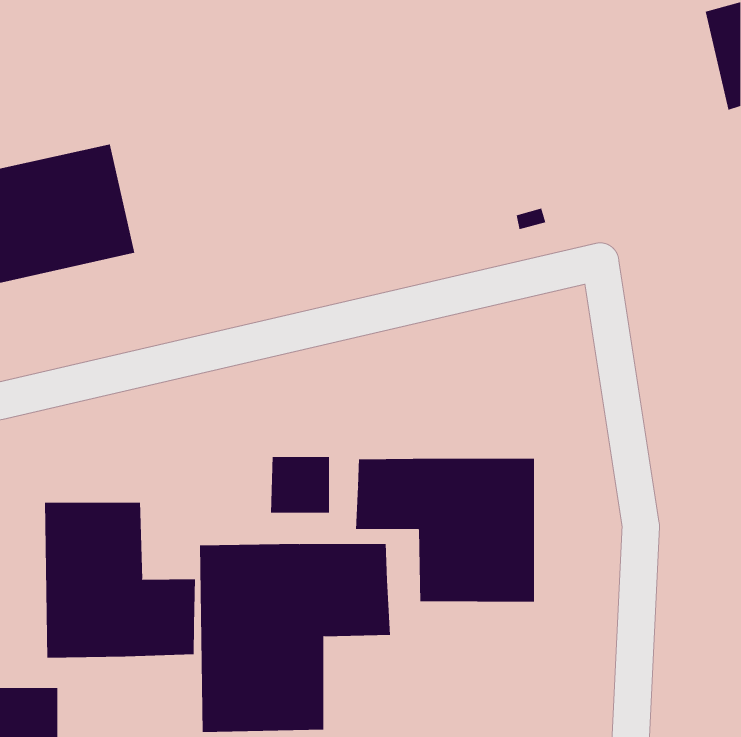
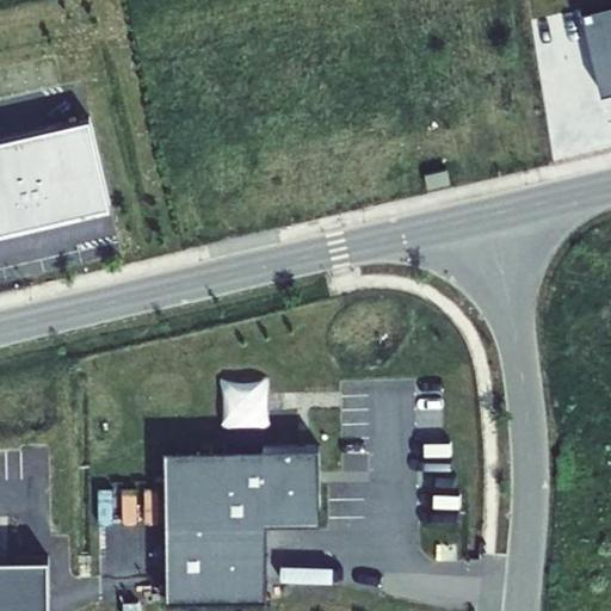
building: [356,458,534,602] -> none
building: [44,502,195,658] -> none

